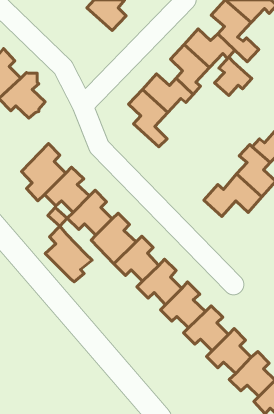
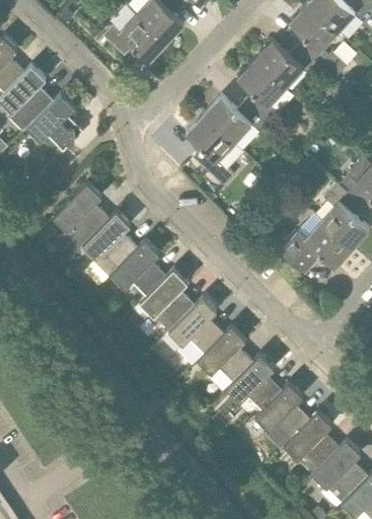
building: none -> [102,13,166,61]
building: [214,57,252,95] -> none
building: [45,226,92,282] -> none

